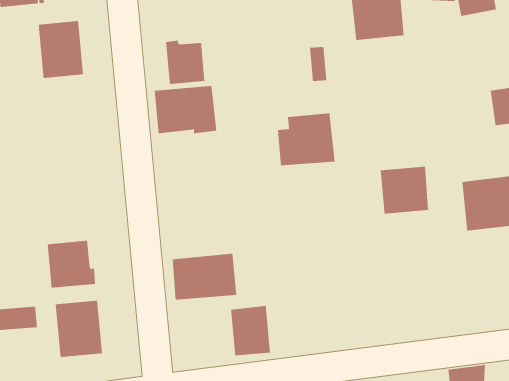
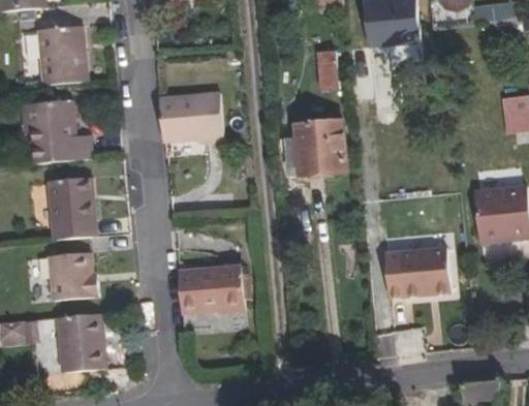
building: [165,40,205,85] -> none
building: none -> [24,98,91,163]
building: [380,166,429,214] -> [401,246,452,295]
building: none -> [49,178,95,240]
building: [230,305,271,356] -> none

